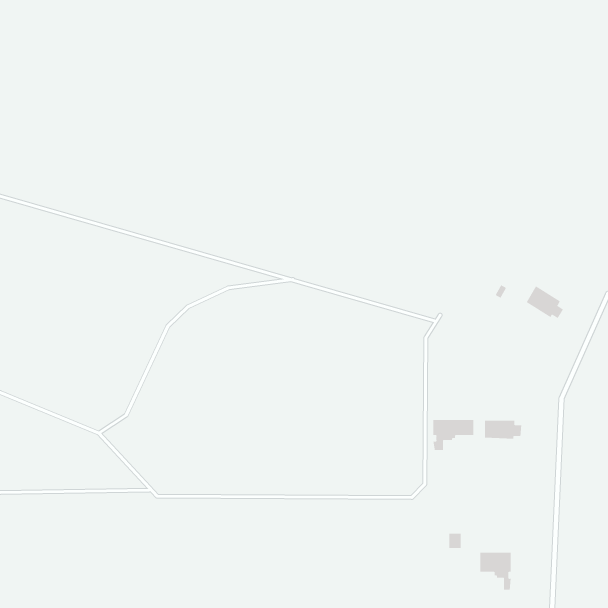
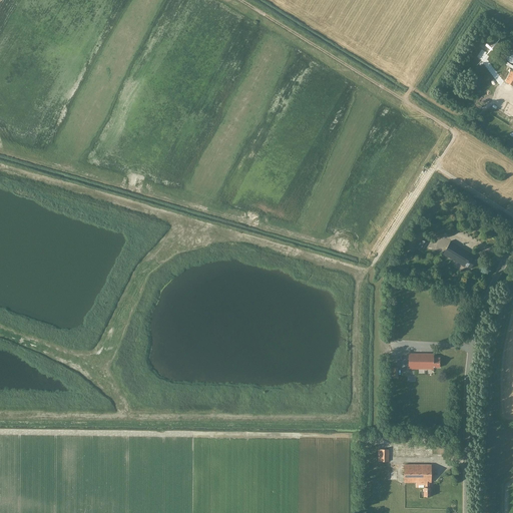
building: [433,419,474,451] -> none

